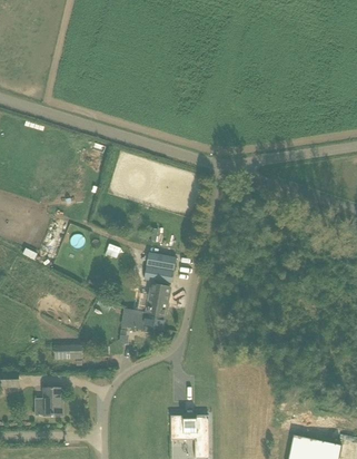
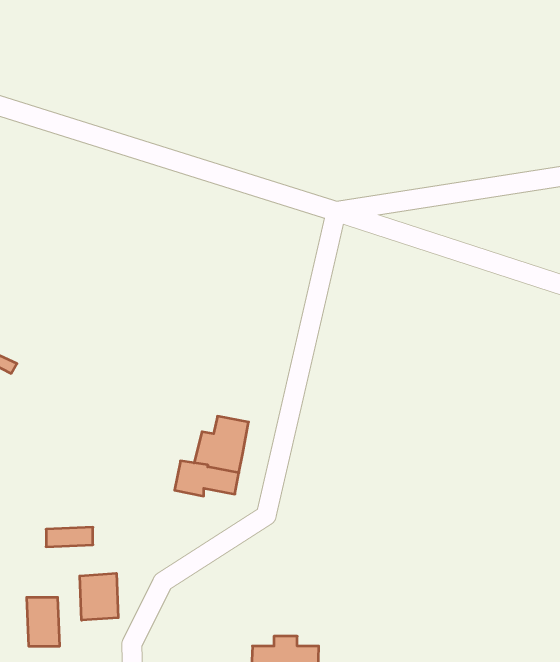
building: [143,251,175,283] -> none
building: none -> [80,573,118,620]

